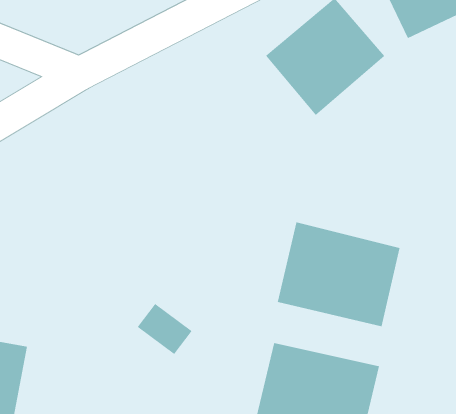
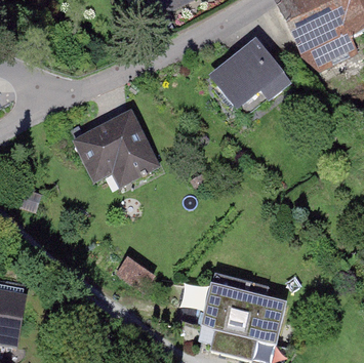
building: none -> [70,111,159,188]
building: [277,221,400,327] -> none

